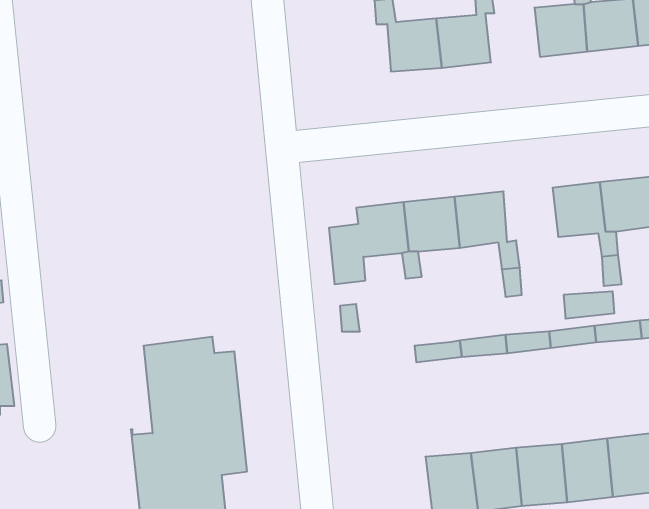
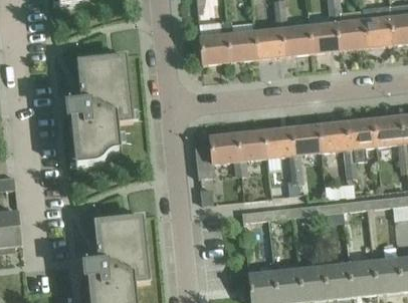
building: none -> [281,25,312,55]
building: none -> [200,34,229,63]
building: none -> [68,46,133,166]
building: none -> [291,124,322,155]

